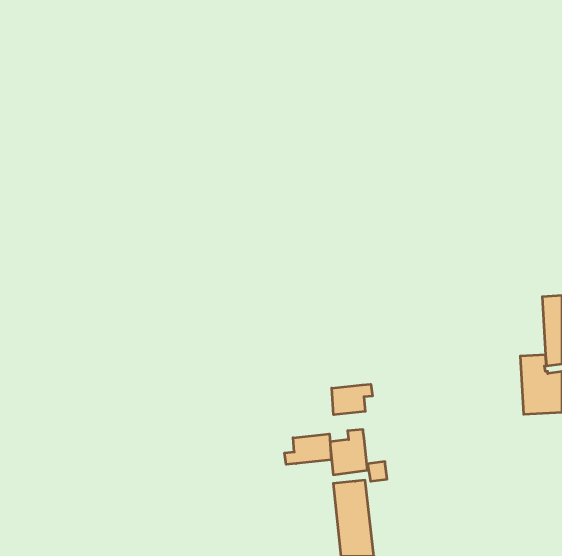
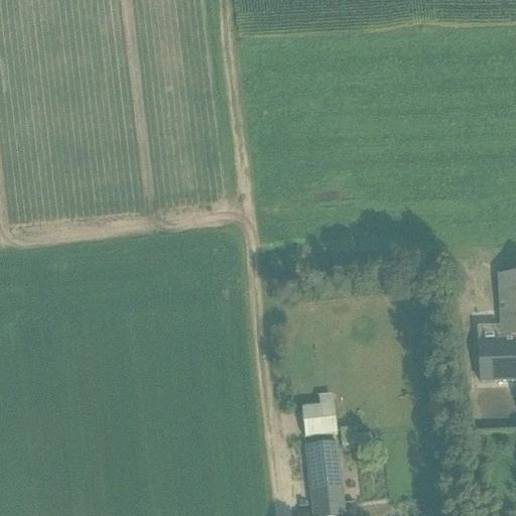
building: [332,384,372,415] -> none
building: [285,434,331,464] -> none

